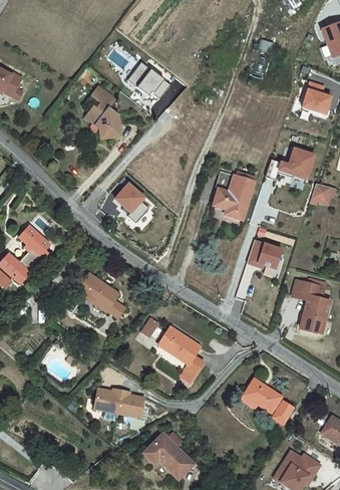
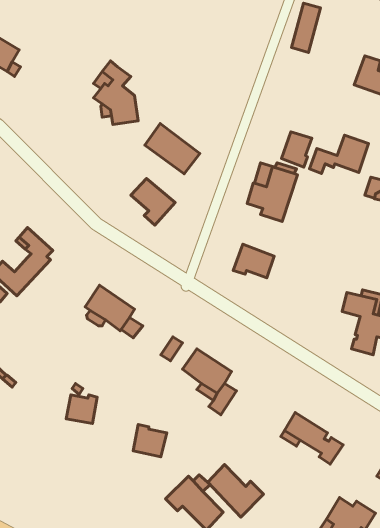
building: [125,59,172,101] -> [145,123,200,174]
building: none -> [282,132,312,167]
building: [247,240,281,268] -> [233,244,274,278]
building: [95,389,121,413] -> [66,395,97,423]
building: none -> [208,465,264,517]

